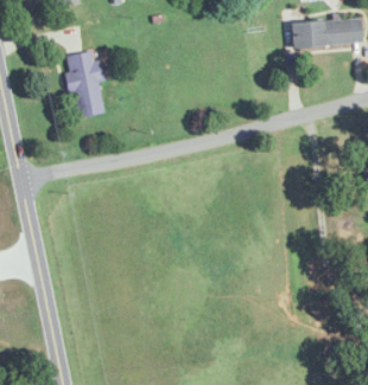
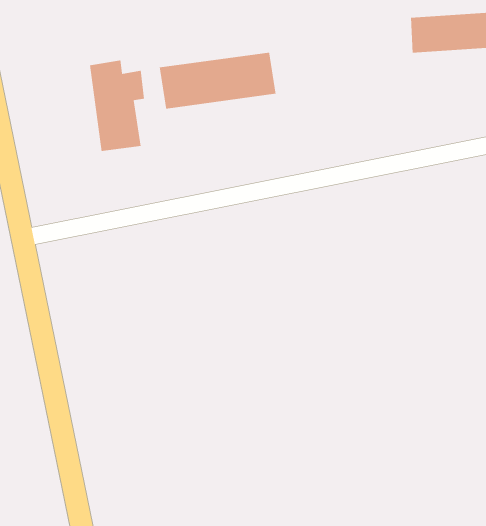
building: none -> [159,52,276,109]

